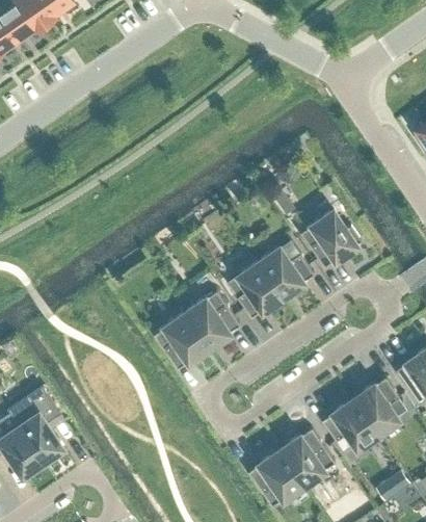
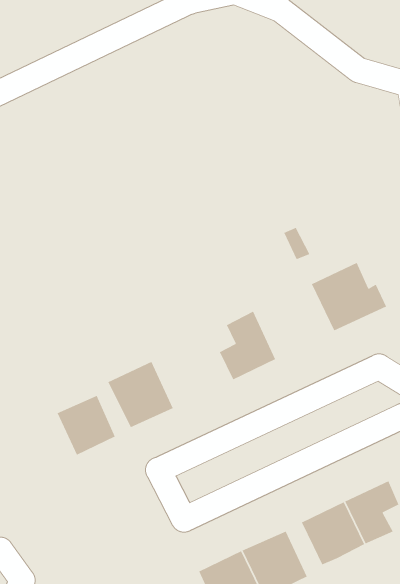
building: [260,249,316,297] -> none
building: [187,292,242,348] -> none
building: none -> [56,395,116,456]

